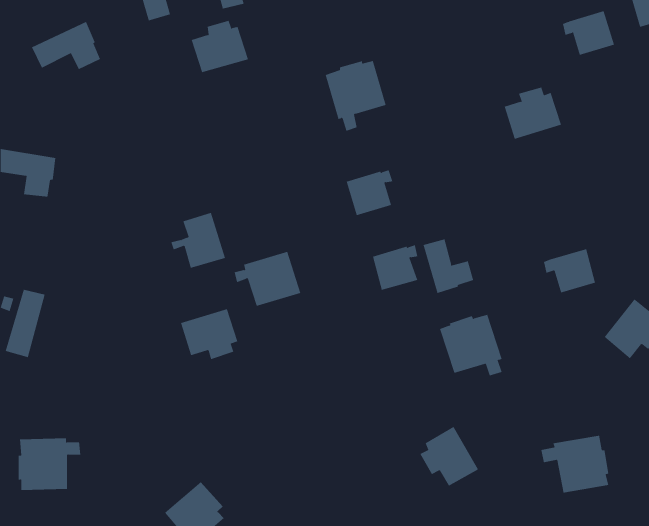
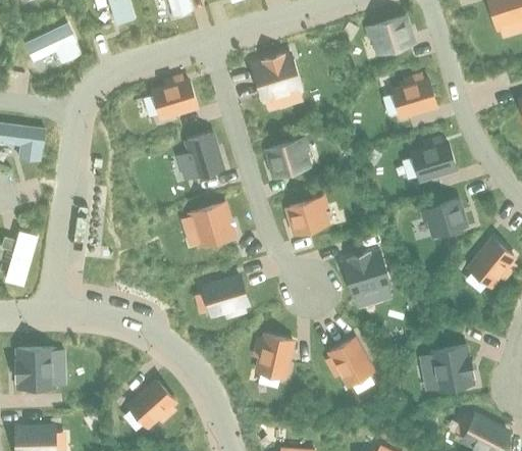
building: [562,11,615,55] -> [368,18,409,53]
building: [191,20,249,73] -> [152,77,197,117]
building: none -> [411,139,456,180]
building: [171,212,226,269] -> [178,134,221,178]
building: [423,239,474,294] -> none
building: [180,308,238,360] -> [203,278,248,317]
building: none -> [254,335,292,379]

